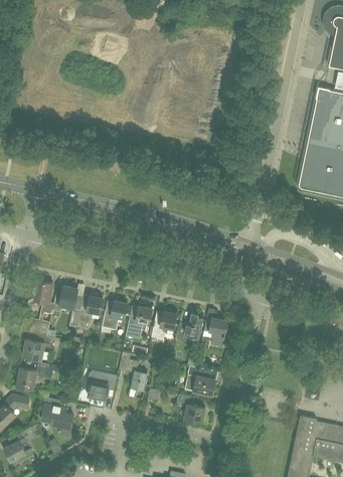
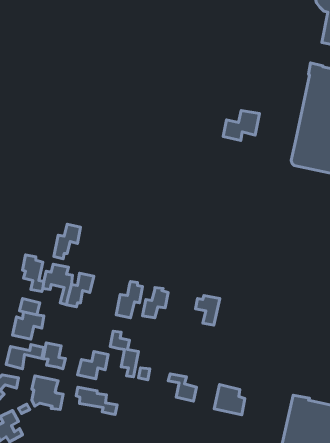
building: none -> [223,111,259,141]
building: [101,300,127,334] -> [54,224,80,259]
building: [175,313,203,342] -> none
building: none -> [43,343,66,369]
building: [184,365,214,395] -> [214,384,245,415]
building: none -> [76,387,117,414]

